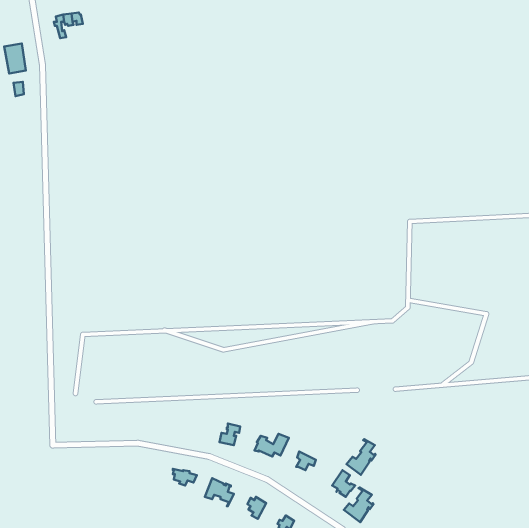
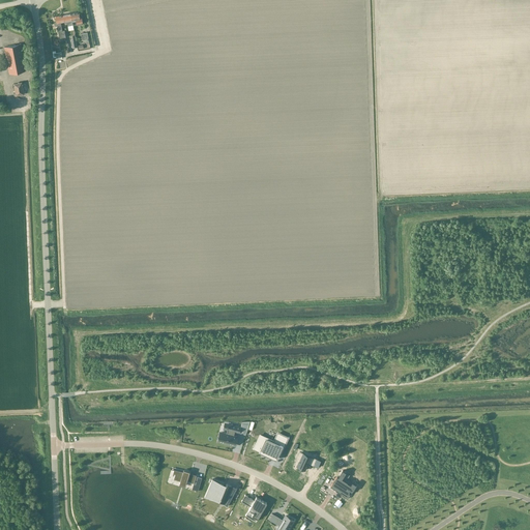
building: [346,439,375,475] -> none
building: [344,488,373,522] -> none

